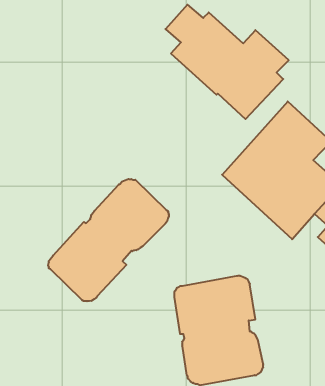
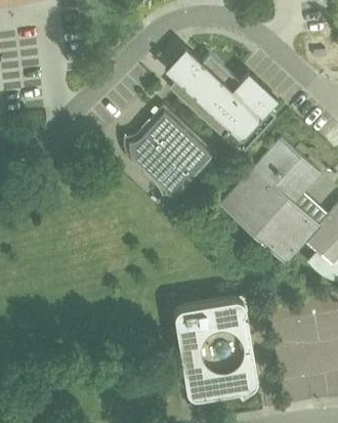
building: none -> [124,103,219,201]
building: [48,179,169,301] -> none

